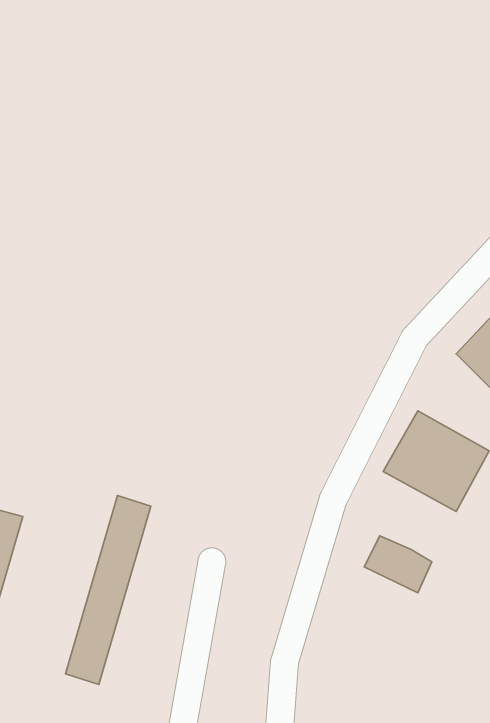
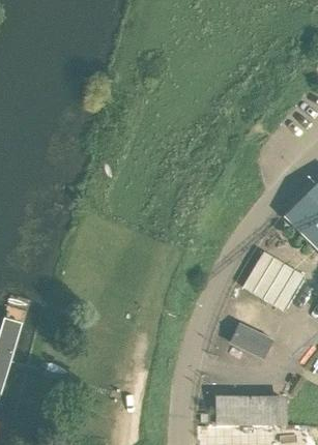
building: [66,495,151,685] -> none
building: none -> [215,399,287,424]

